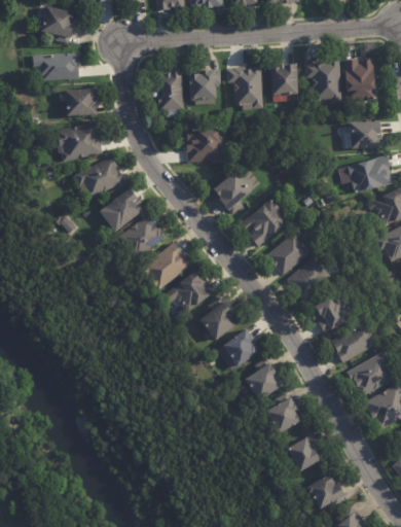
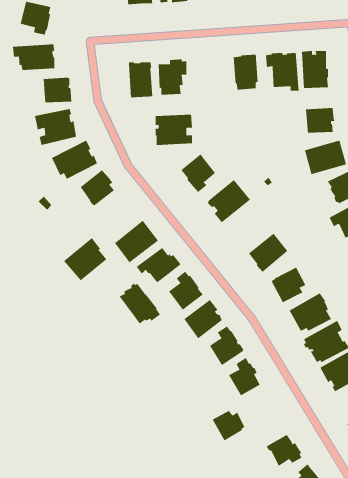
building: [225,65,262,108] -> none
building: [117,212,165,259] -> [63,237,107,281]
building: [265,233,308,275] -> none
building: none -> [119,283,161,325]
building: [286,437,322,471] -> [212,410,245,441]

